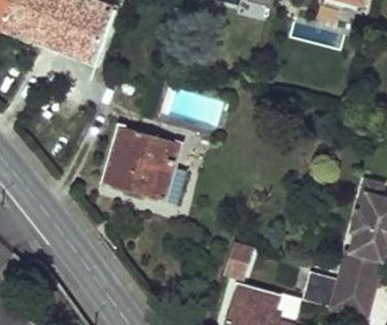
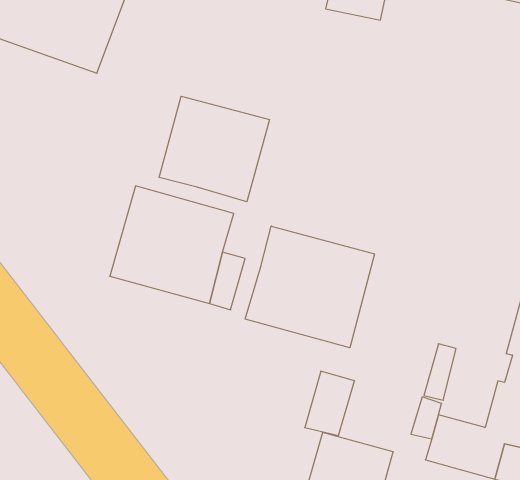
building: none -> [159,96,269,202]
building: none -> [245,226,374,348]

